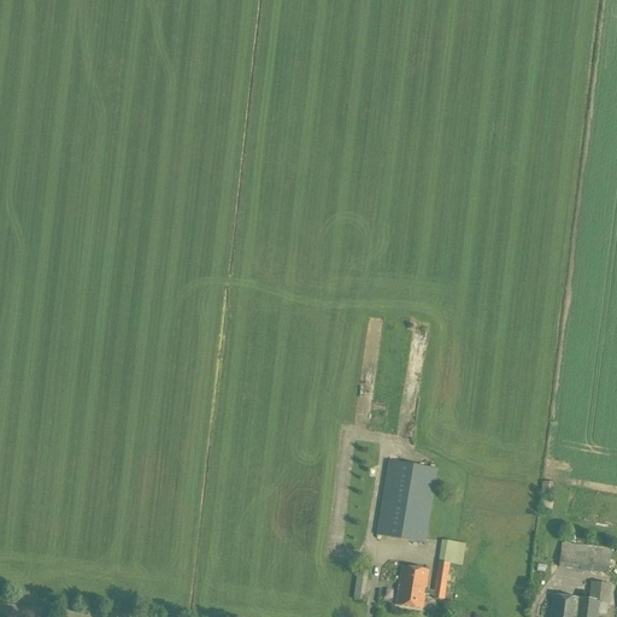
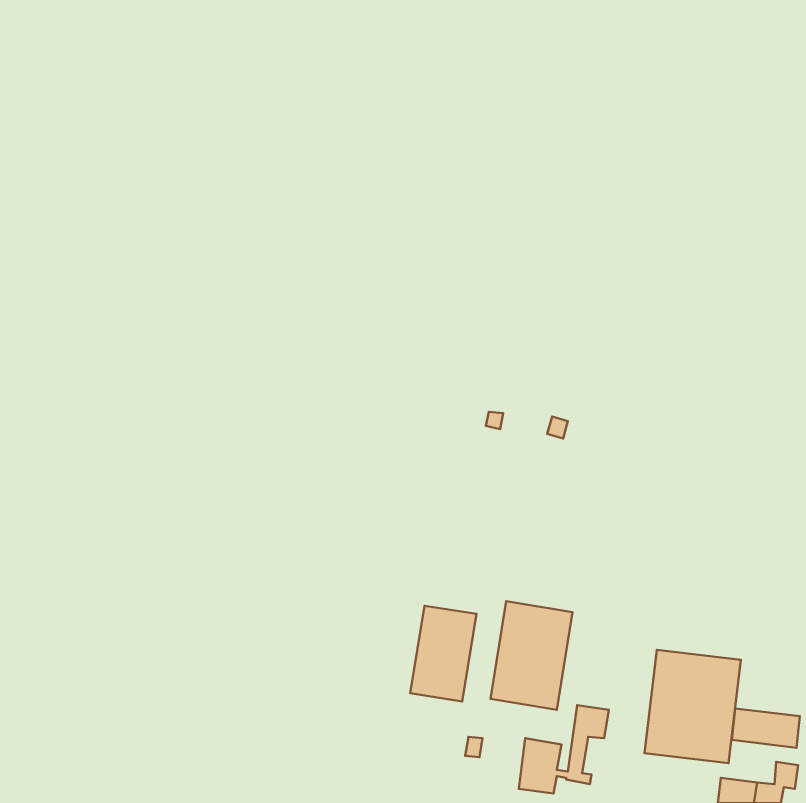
building: none -> [410,606,476,701]
building: none -> [644,650,741,763]

